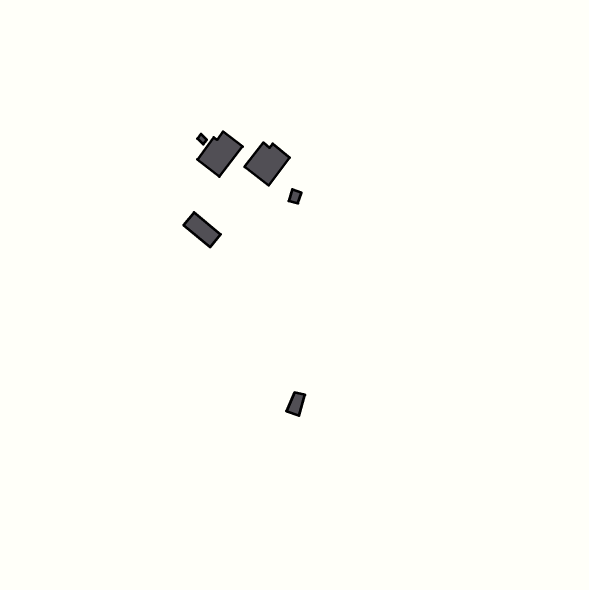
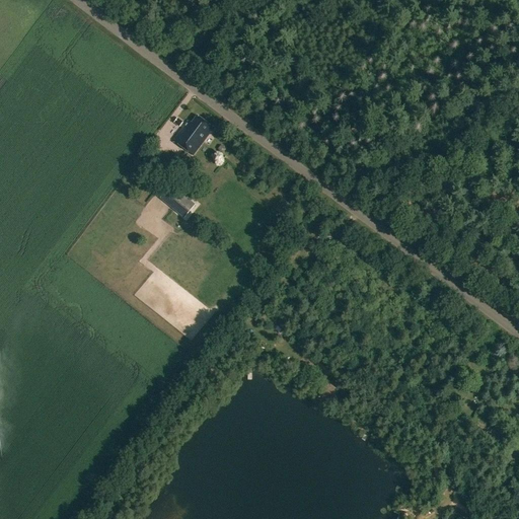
building: [245,143,290,185] -> none

